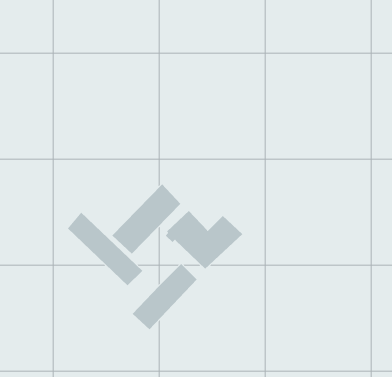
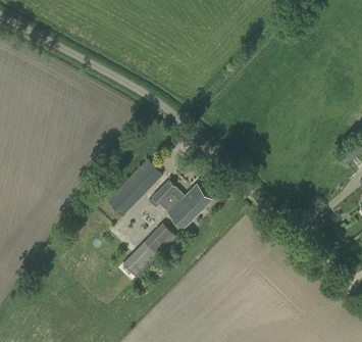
building: [67,212,143,286] -> none

